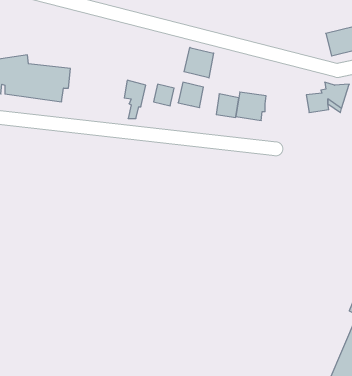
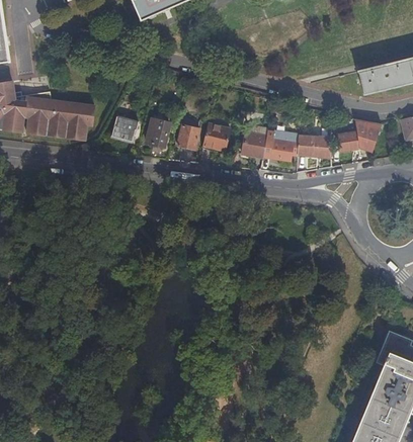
building: [184,47,214,78] -> none
building: none -> [111,117,138,142]
building: none -> [297,137,331,157]

